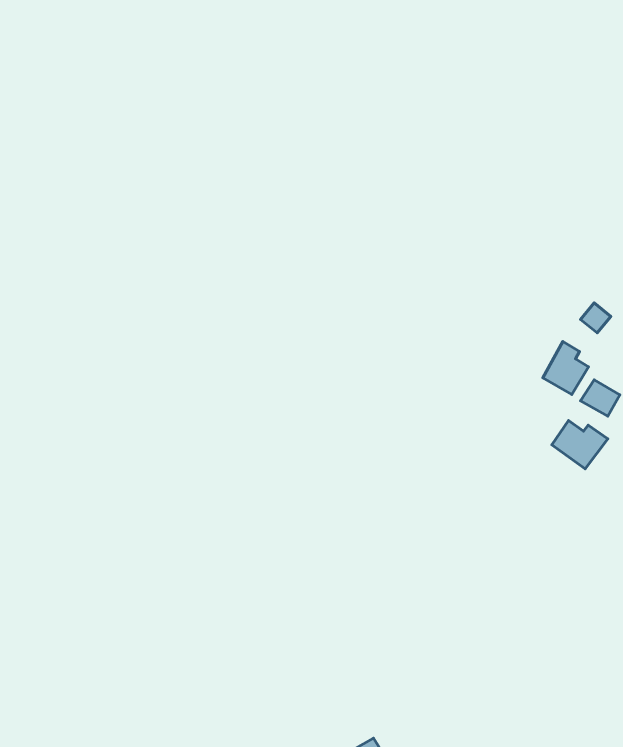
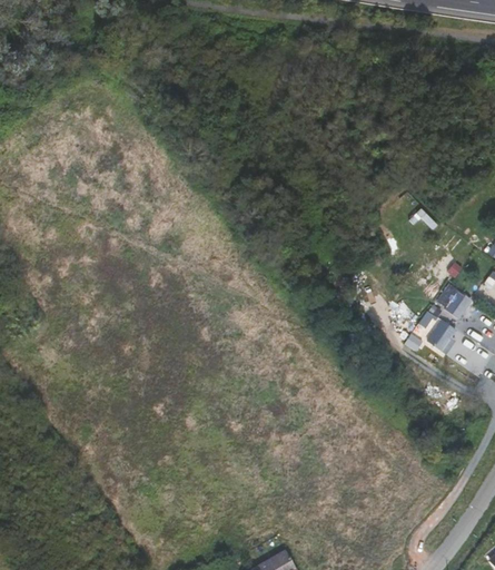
building: [543,341,588,394] -> none

